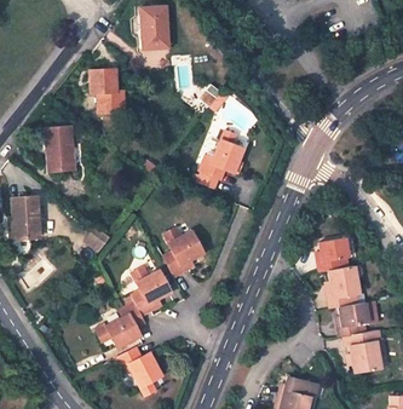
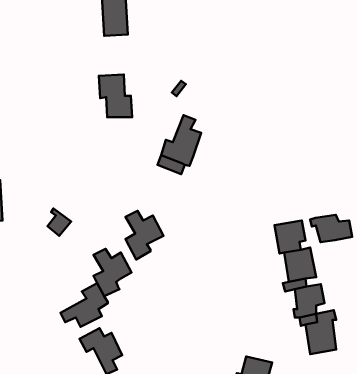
building: [90,69,123,113] -> [99,75,132,117]
building: [45,126,73,172] -> none
building: none -> [310,215,352,242]

